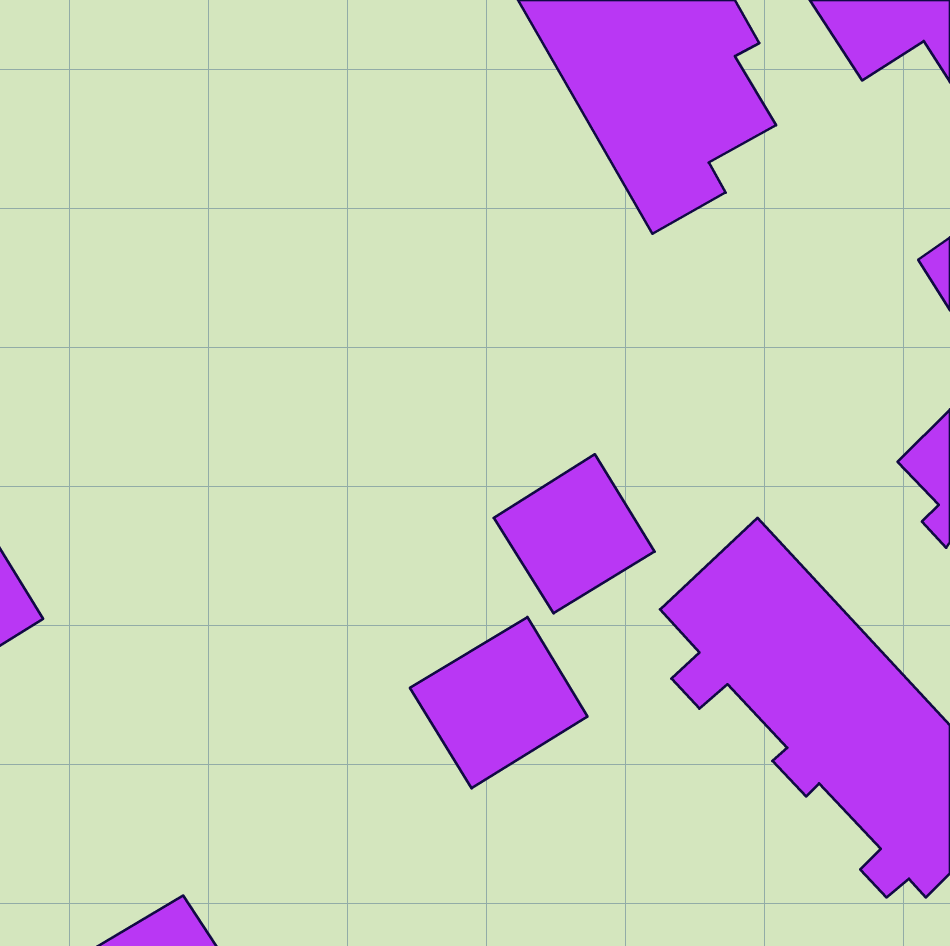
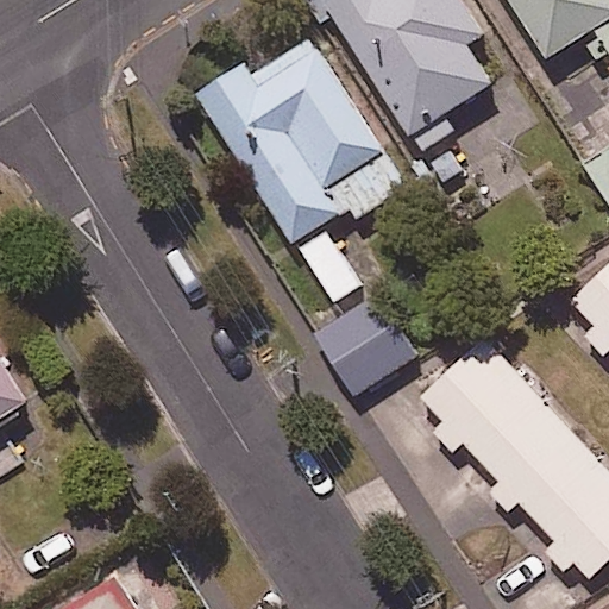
building: none -> [196,37,407,306]
building: [410,617,587,788] -> none

